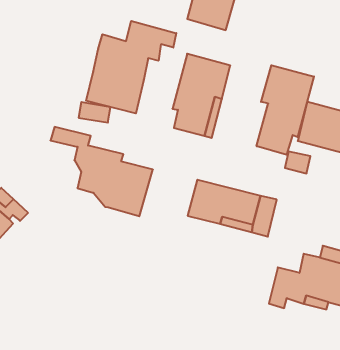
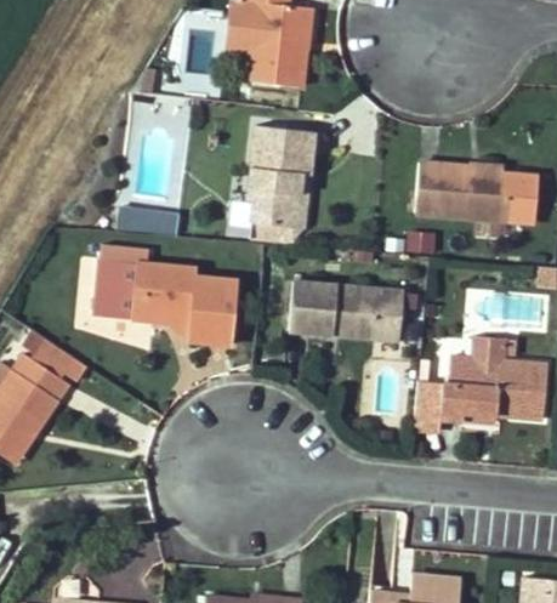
building: [86,21,176,113] -> none
building: [257,65,314,155] -> none
building: none -> [95,266,146,322]

